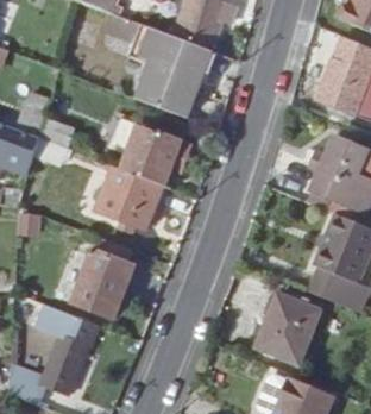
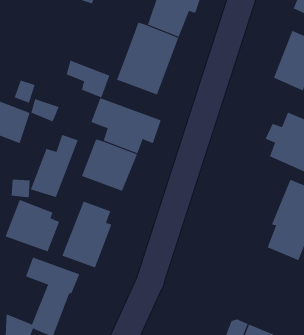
building: [112,14,163,58] -> [66,60,110,98]
building: none -> [30,134,78,198]
building: none -> [5,199,60,252]
building: [254,294,319,372] -> none

